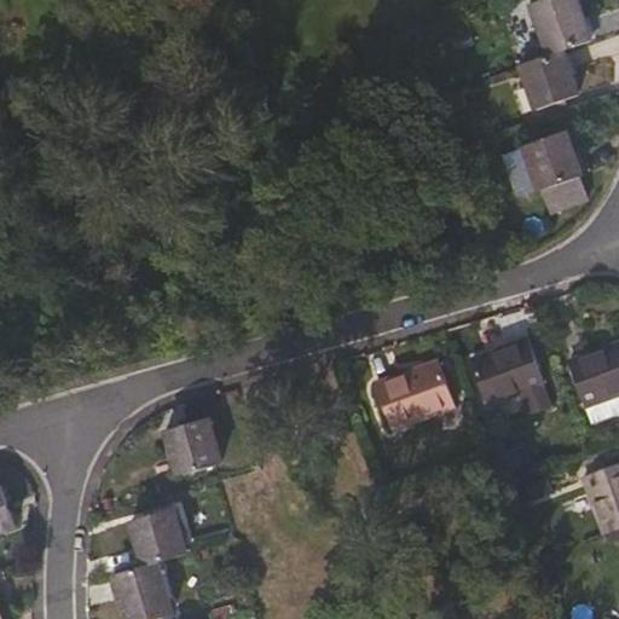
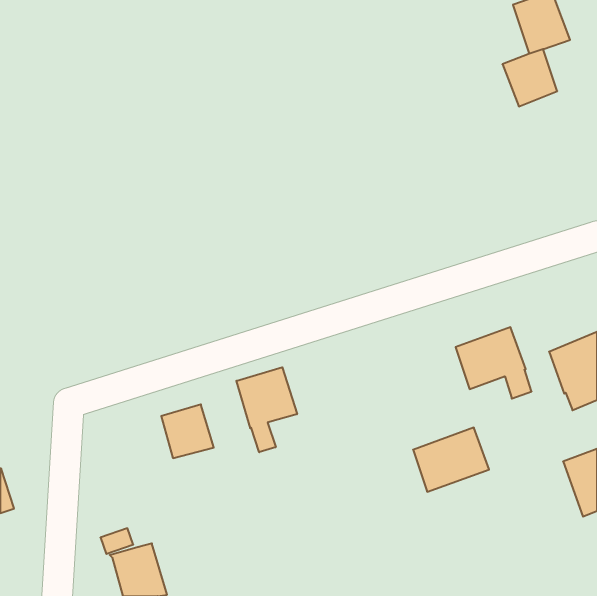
building: [522,132,580,192] -> none
building: [376,363,455,429] -> [413,428,489,492]
building: none -> [236,367,297,452]
building: [131,509,186,566] -> none

